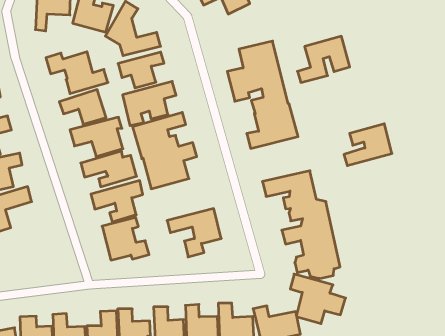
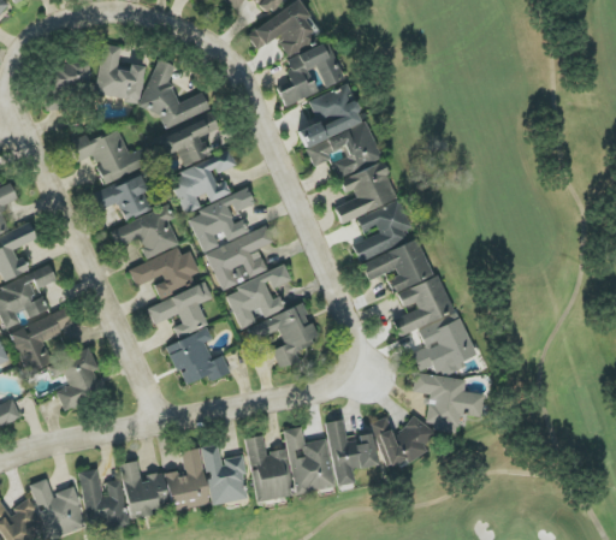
building: [297,36,350,82] -> [278,41,343,106]
building: [344,124,392,166] -> [353,200,413,259]
building: none -> [226,265,292,327]
building: none -> [48,349,103,409]

